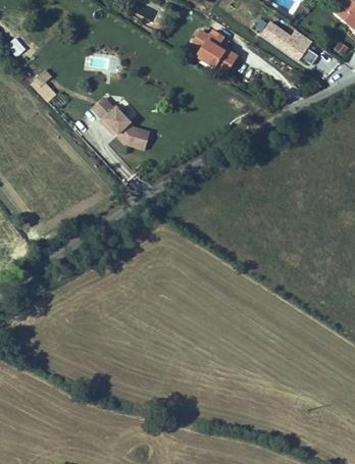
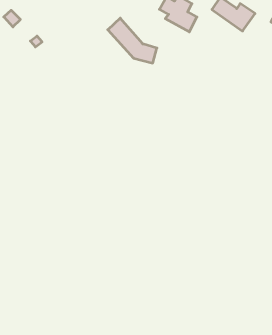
building: [90,95,150,150] -> [108,18,157,63]

